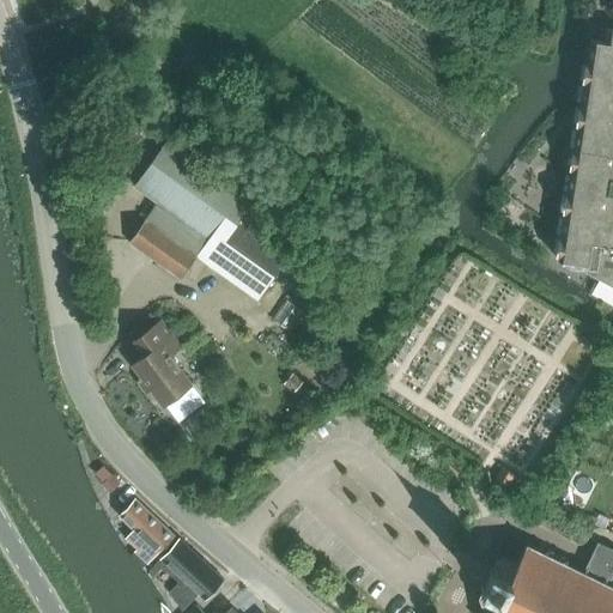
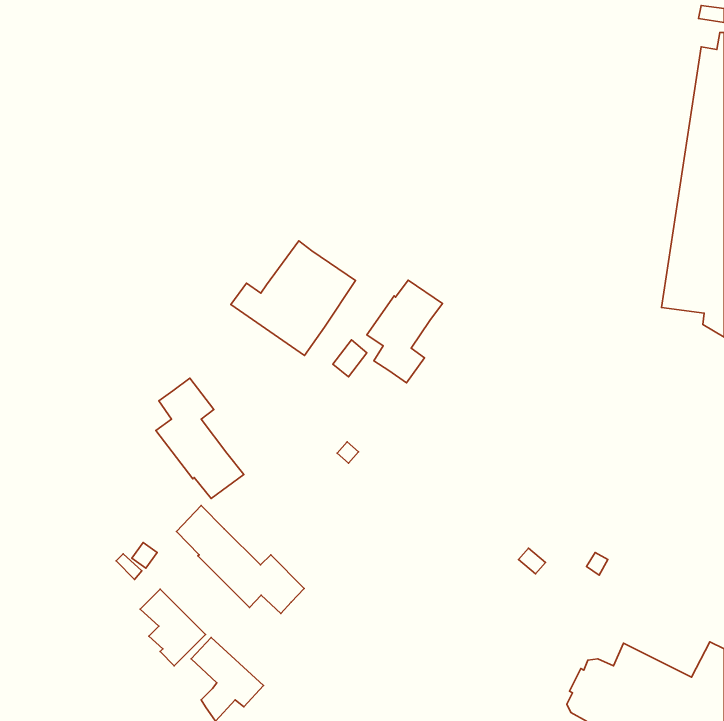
building: [129,141,254,281] -> none
building: none -> [367,280,443,383]
building: none -> [176,505,304,613]

